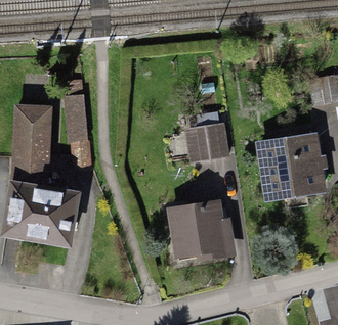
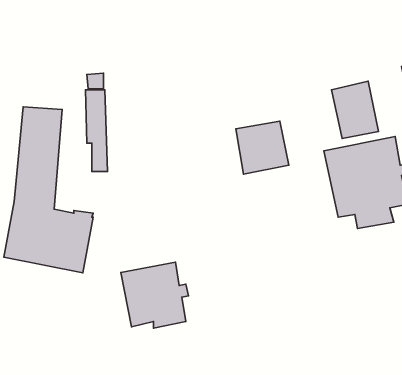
building: none -> [332,81,378,138]
building: [172,204,225,257] -> [121,262,188,328]

